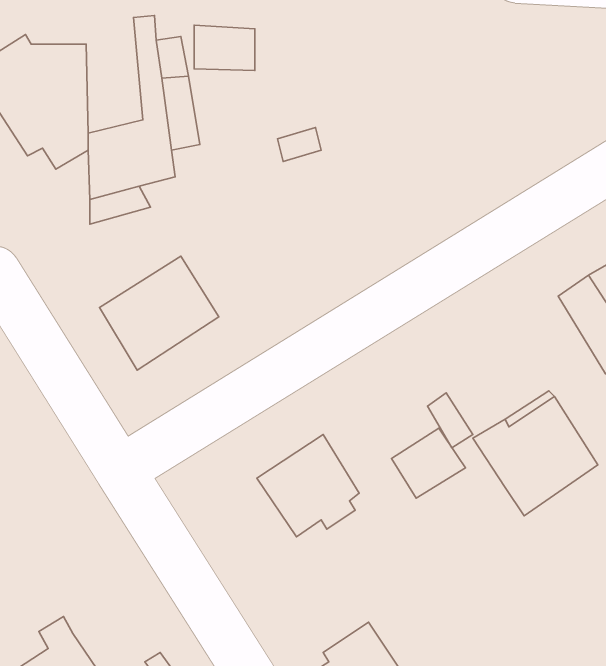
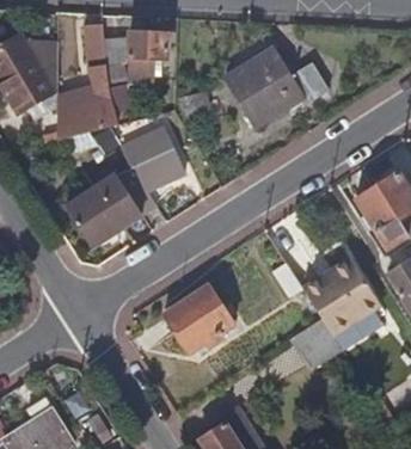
building: none -> [225,50,327,128]
building: none -> [117,125,186,213]
building: [392,428,465,498] -> [293,320,339,364]

